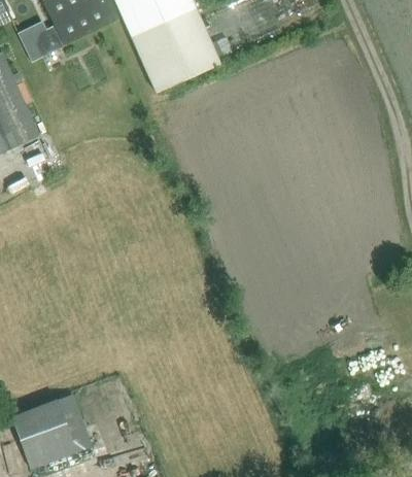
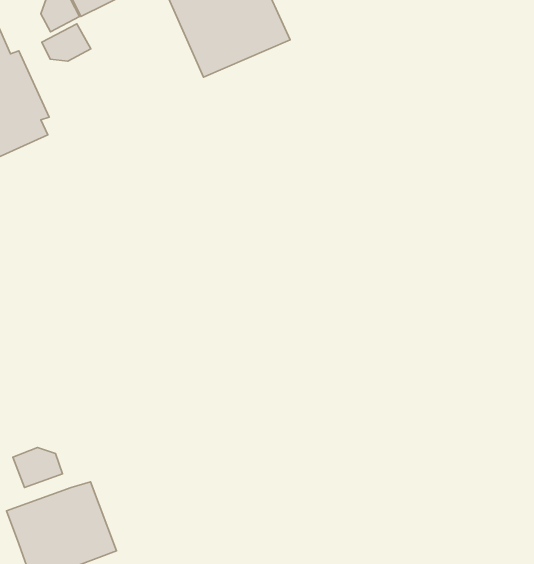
building: none -> [42,24,91,61]
building: none -> [13,448,63,488]

